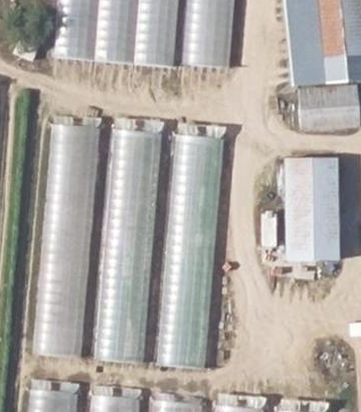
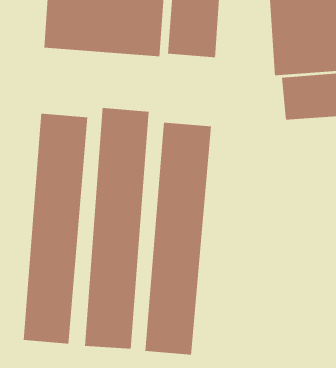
building: [282,156,338,260] -> none

